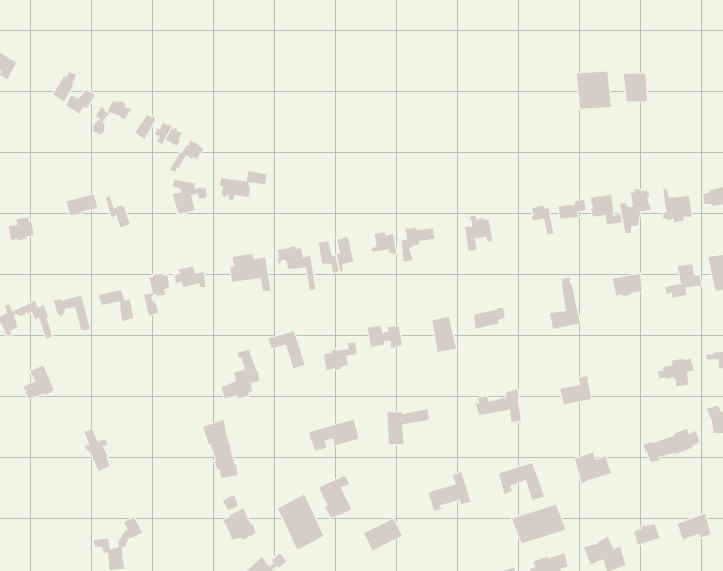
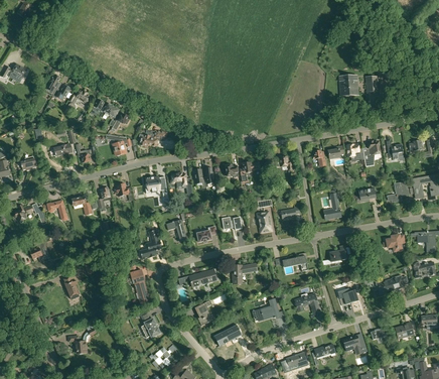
building: [277,494,324,551] -> none
building: [511,504,566,544] -> none

